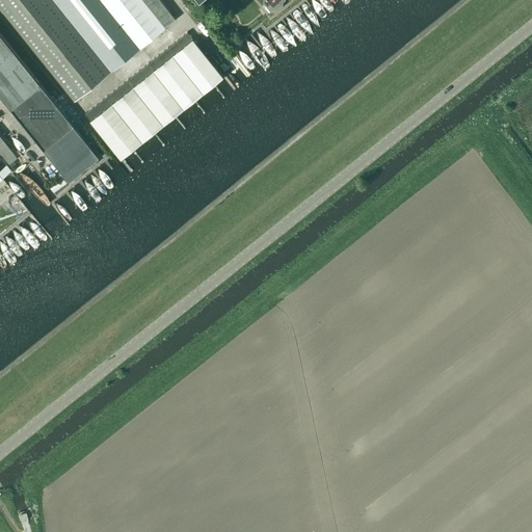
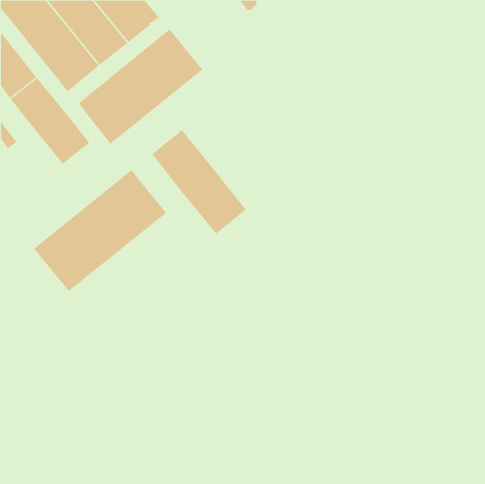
building: none -> [151,129,246,235]
building: none -> [33,169,167,292]

